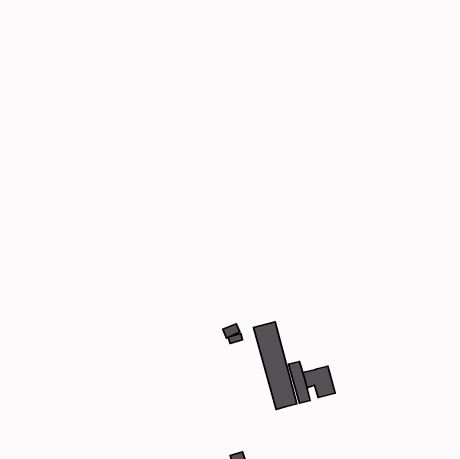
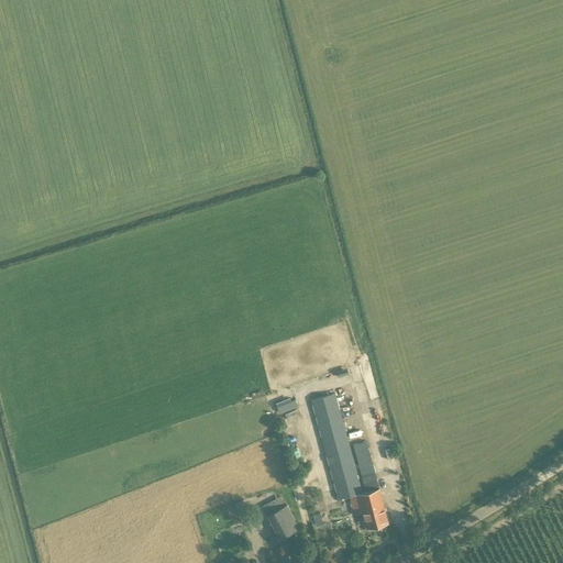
building: [303,366,335,398] -> [347,490,387,529]
building: none -> [266,506,298,540]

